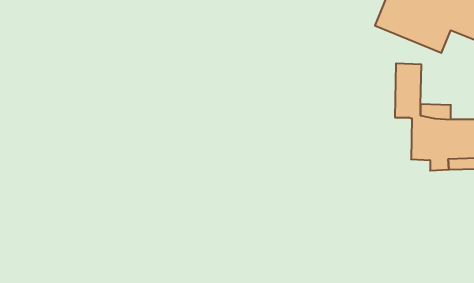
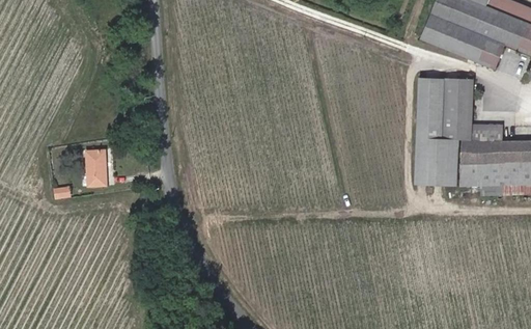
building: none -> [414,78,457,186]
building: none -> [87,152,108,187]

